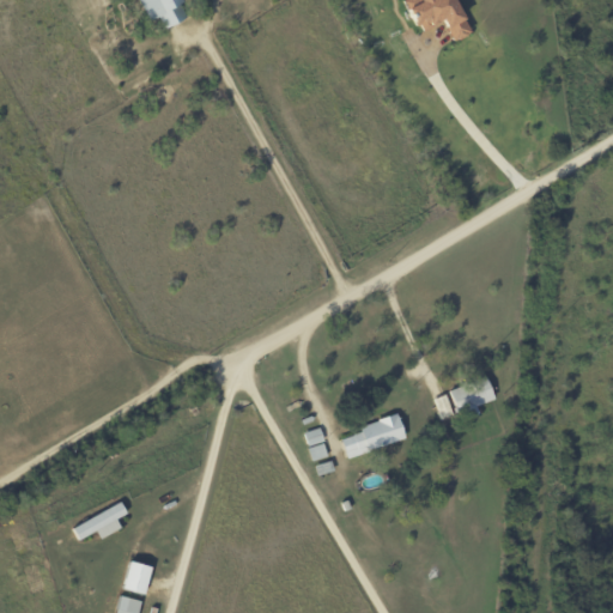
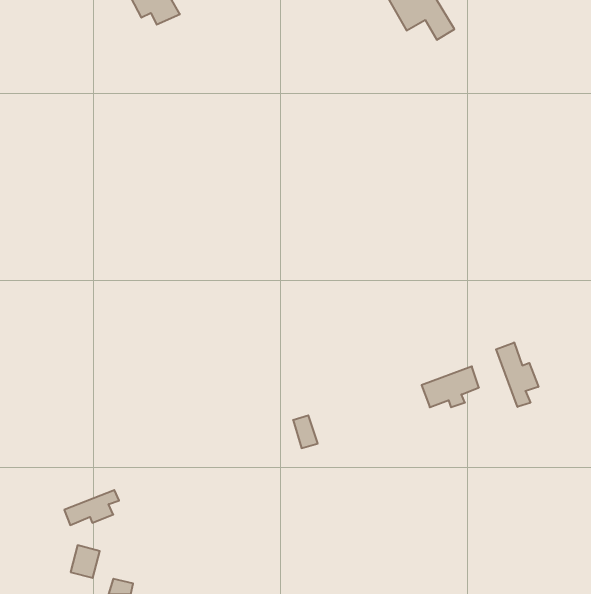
building: none -> [496,342,538,407]
building: [345,413,409,456] -> none
building: [122,559,152,593] -> [71,545,100,578]

